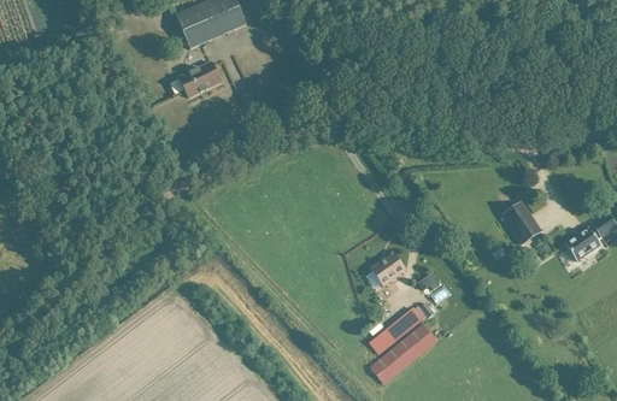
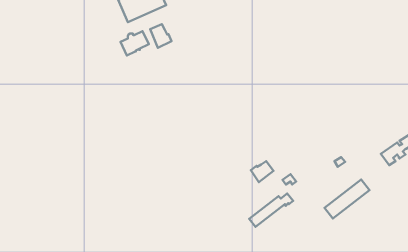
building: none -> [150,24,172,48]
building: [503,201,542,243] -> none
building: [371,323,437,381] -> [325,179,369,218]

